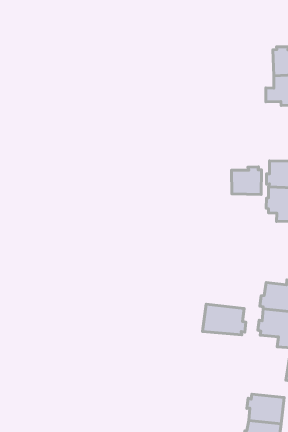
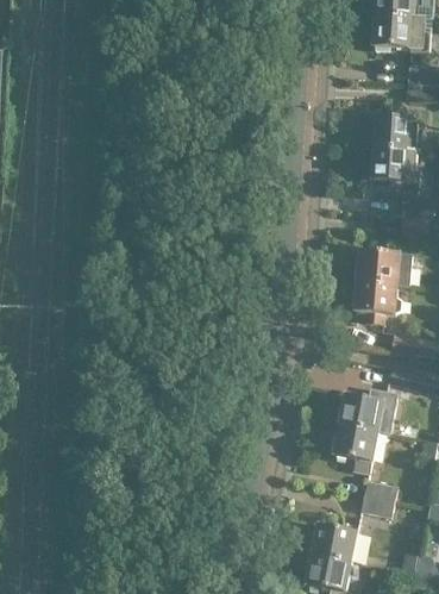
building: [231,167,262,194] -> none
building: [203,304,246,335] -> none

